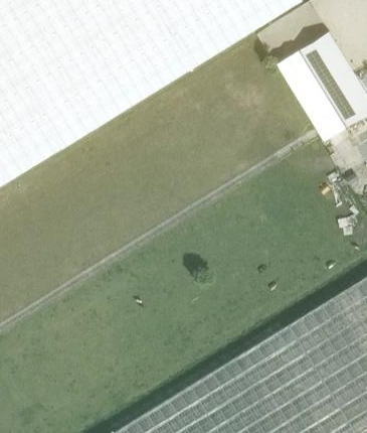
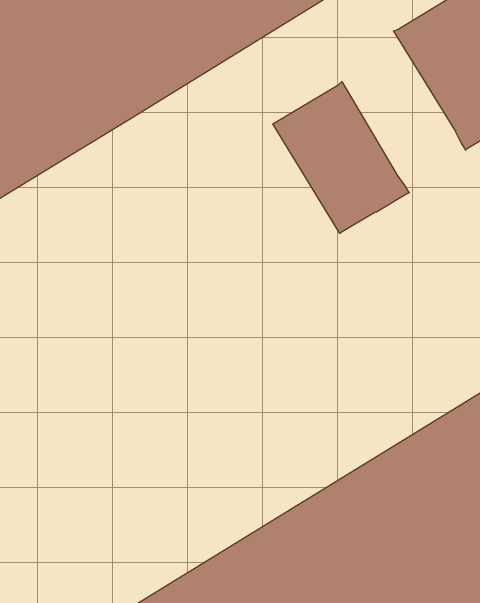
building: none -> [273,82,409,233]

